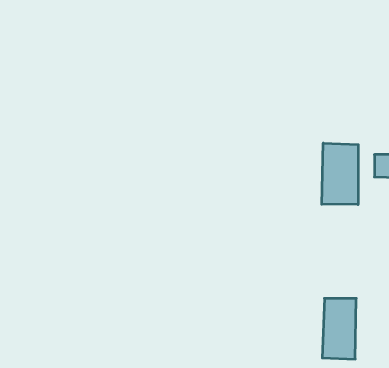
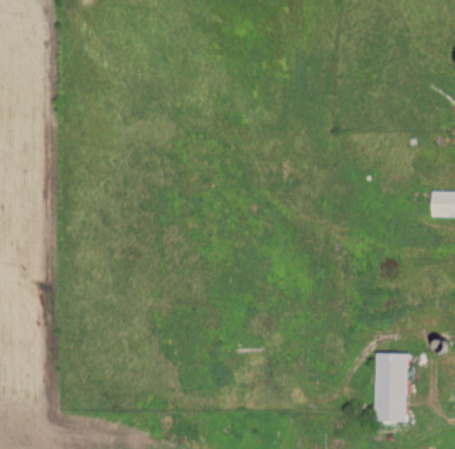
building: [322,143,358,205] -> none

